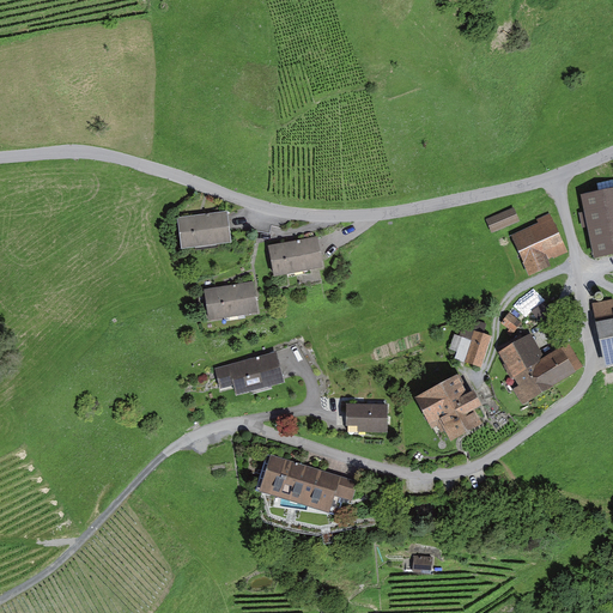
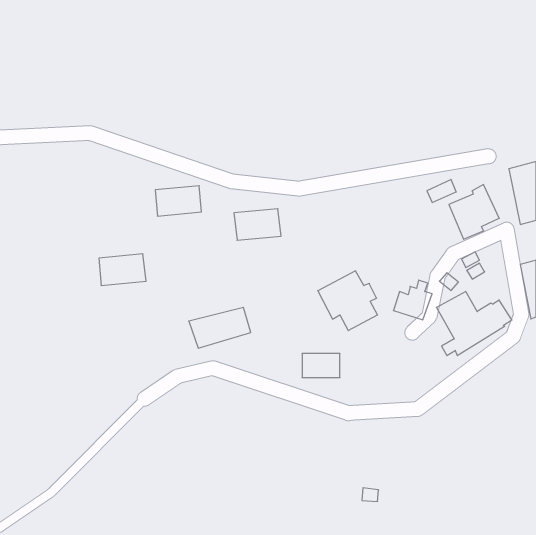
building: [205,283,259,318] -> [99,254,146,285]
building: [412,374,480,442] -> [318,271,378,331]
building: [255,454,357,512] -> none

